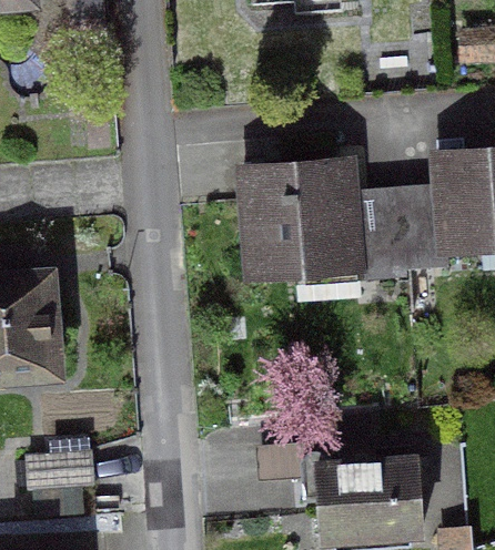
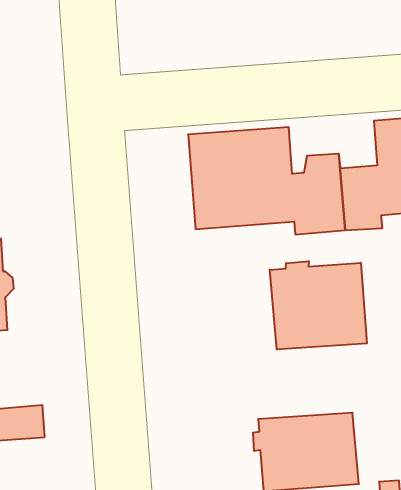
building: none -> [270,261,367,350]

